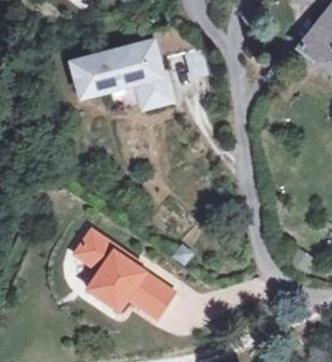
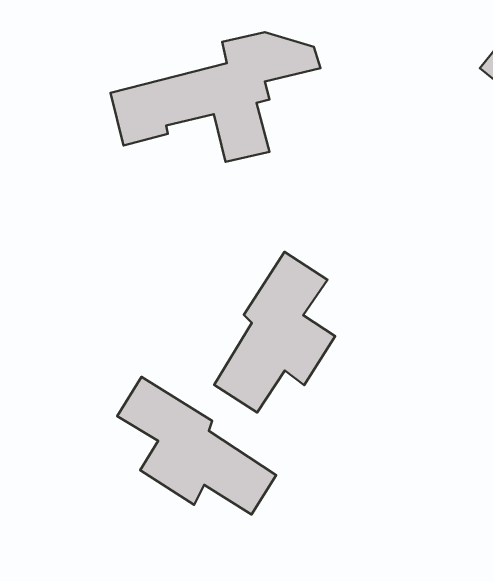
building: none -> [214,252,335,413]

